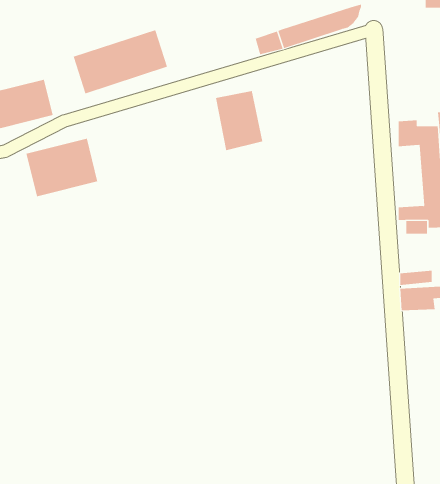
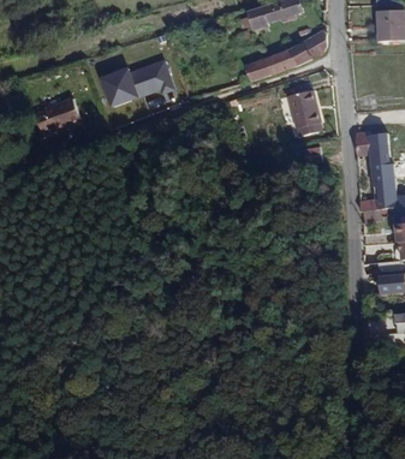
building: [215,90,263,151] -> [284,90,322,138]
building: [26,138,98,197] -> none

